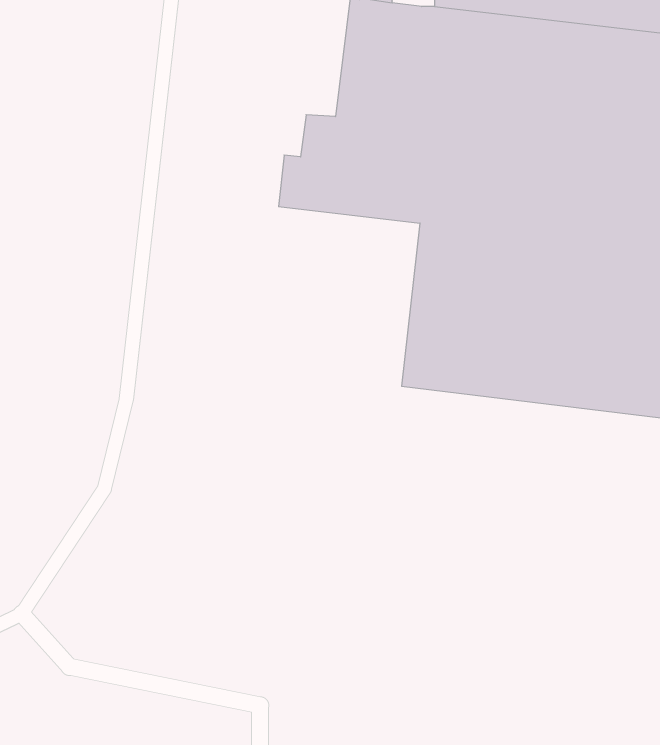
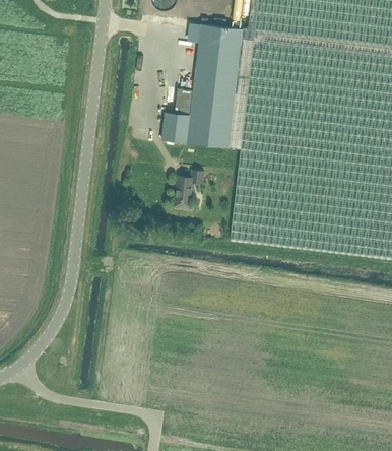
building: none -> [174,169,204,207]

